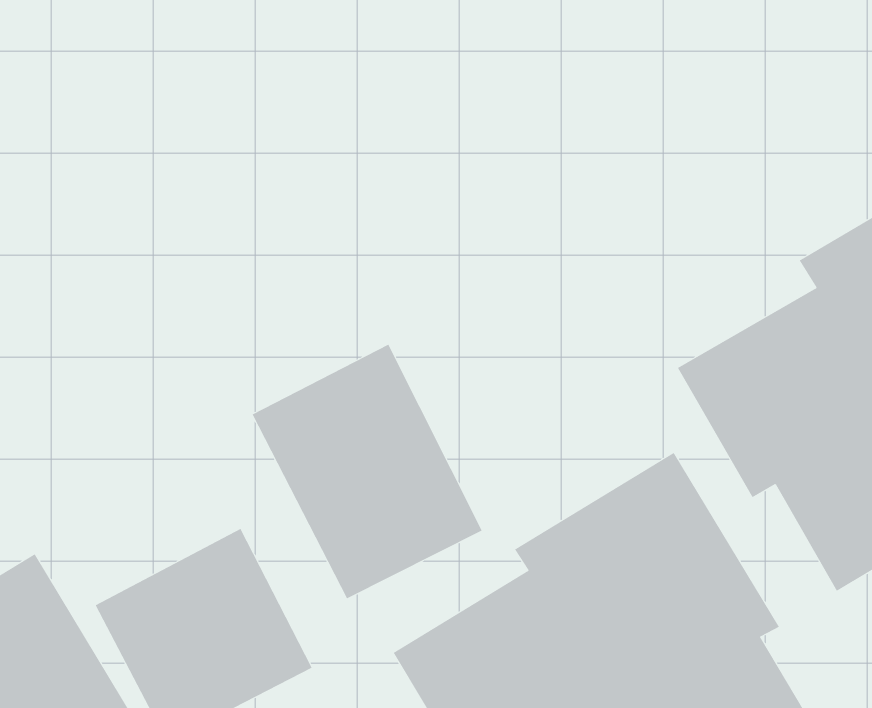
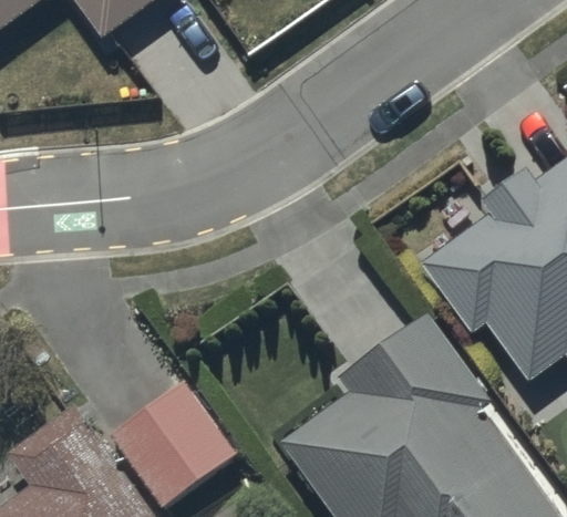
building: [252,344,483,599] -> none

